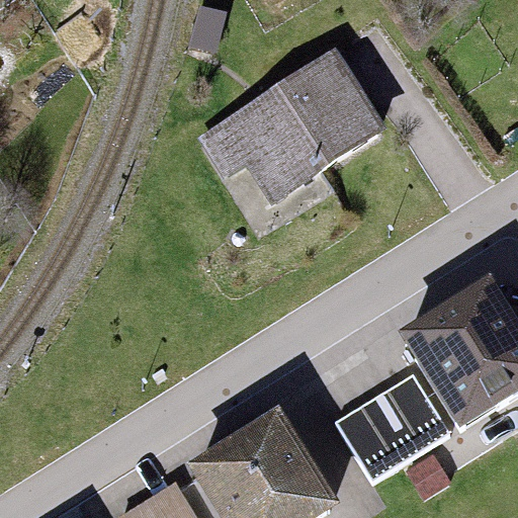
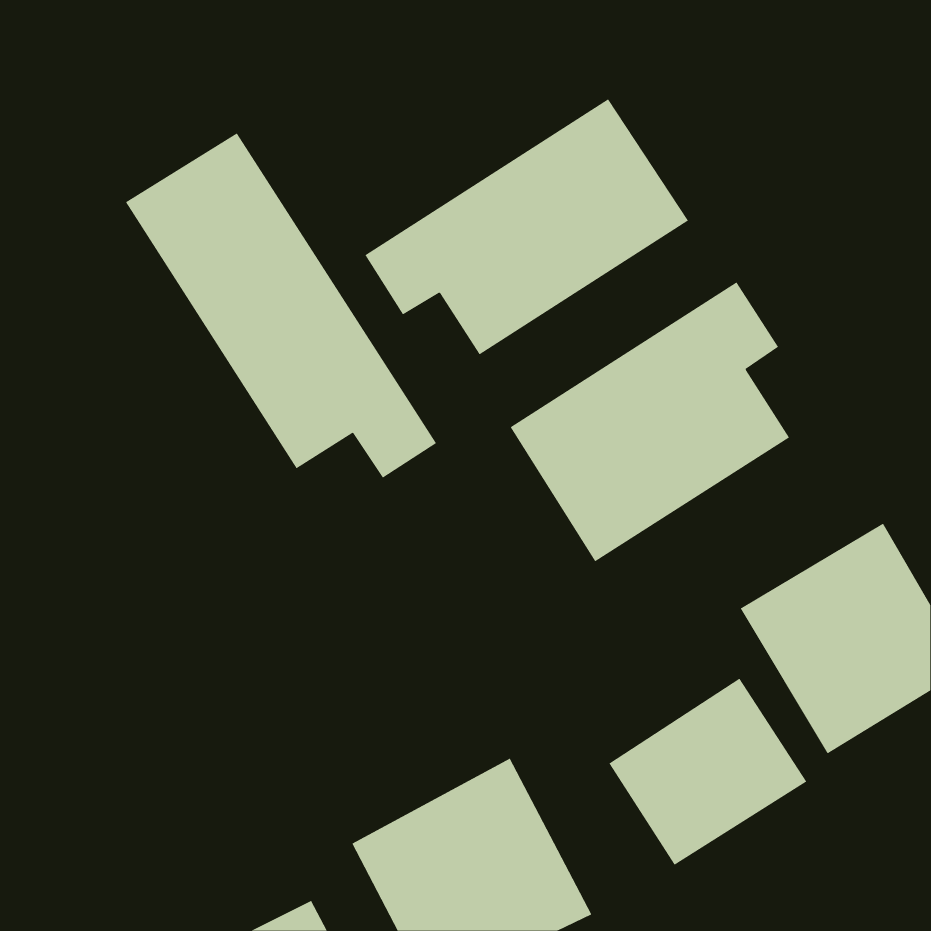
building: none -> [125,132,437,479]
building: none -> [510,282,790,562]

